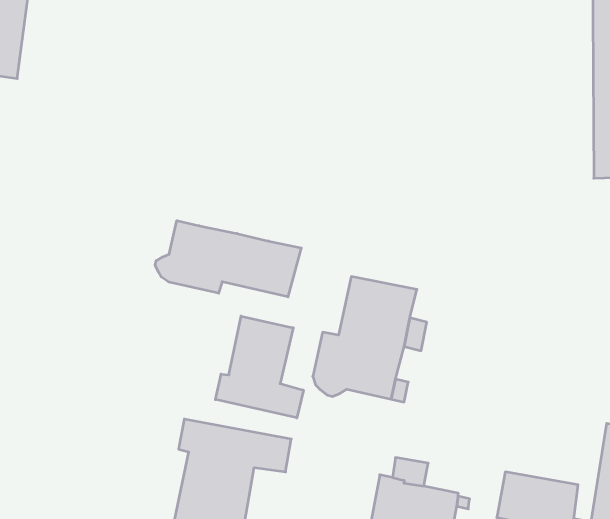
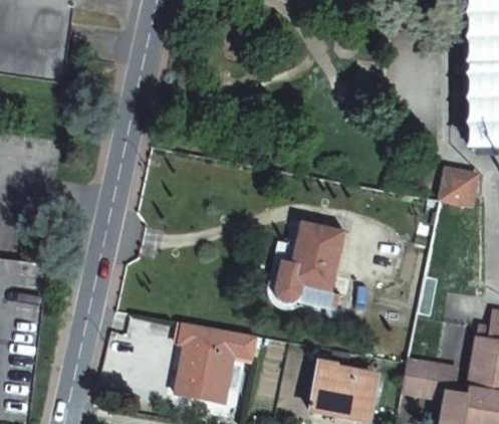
building: none -> [438,165,476,204]
building: [155,221,301,297] -> none
building: [215,316,303,418] -> none

